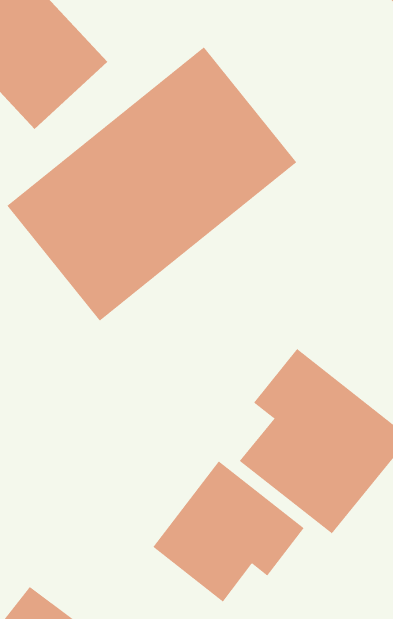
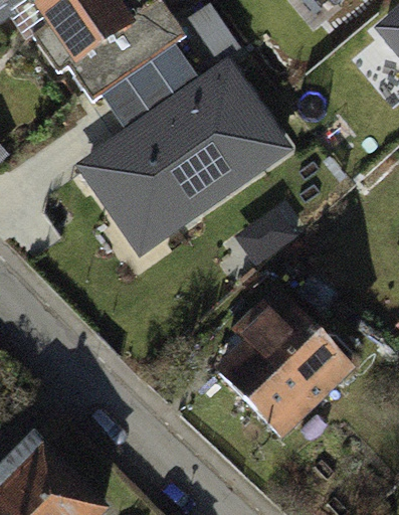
building: [152,460,304,602] -> none

